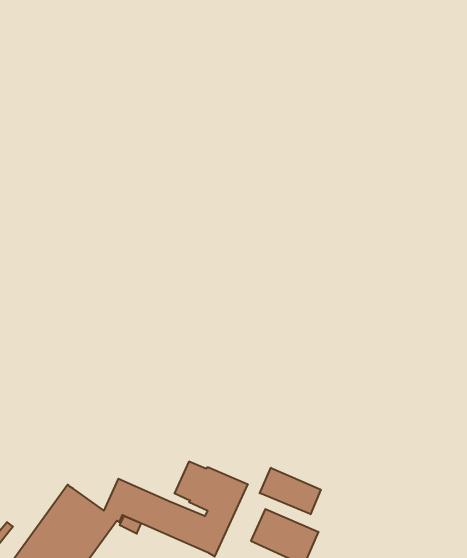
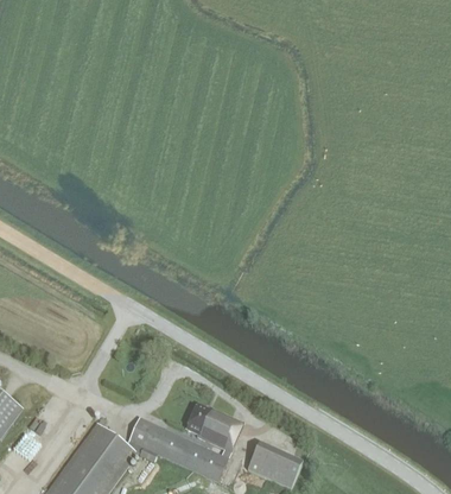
building: [260,468,321,514] -> none

